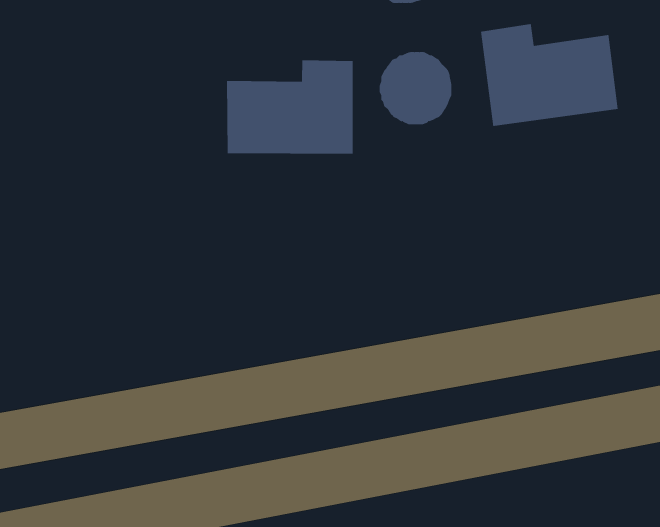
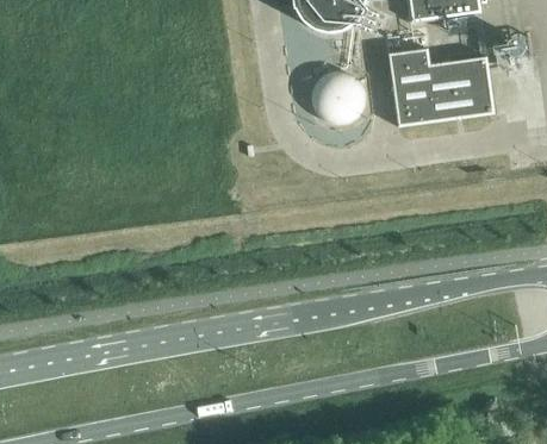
building: [227,59,353,155] -> none

